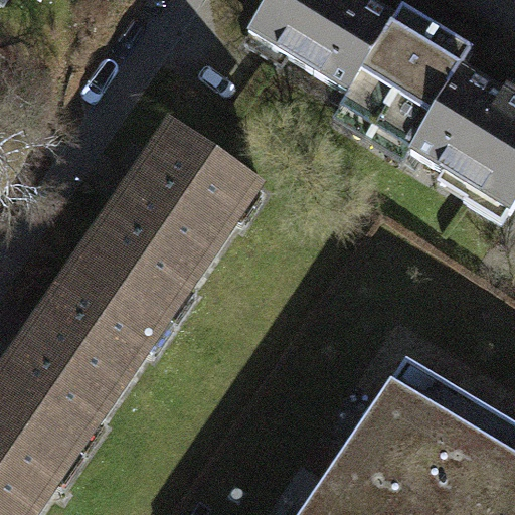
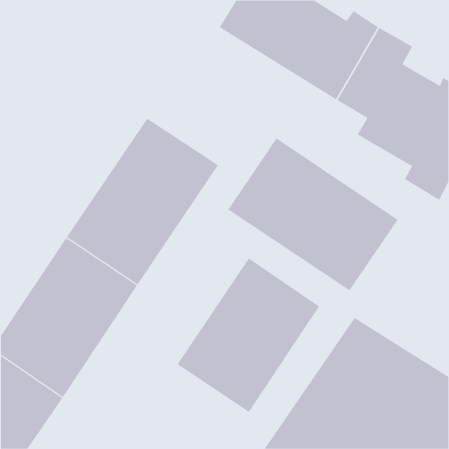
building: none -> [228,137,399,291]
building: none -> [177,258,320,413]

